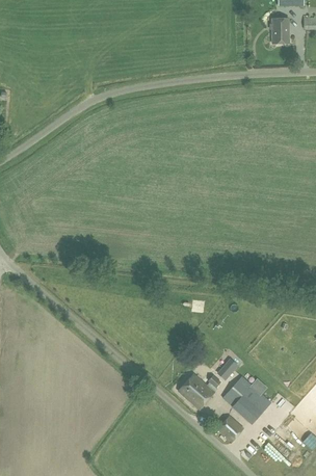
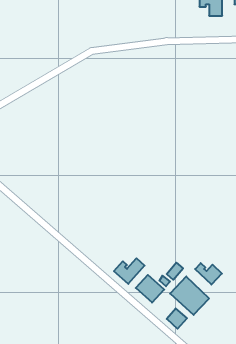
building: none -> [114,258,145,284]
building: none -> [195,263,222,285]

